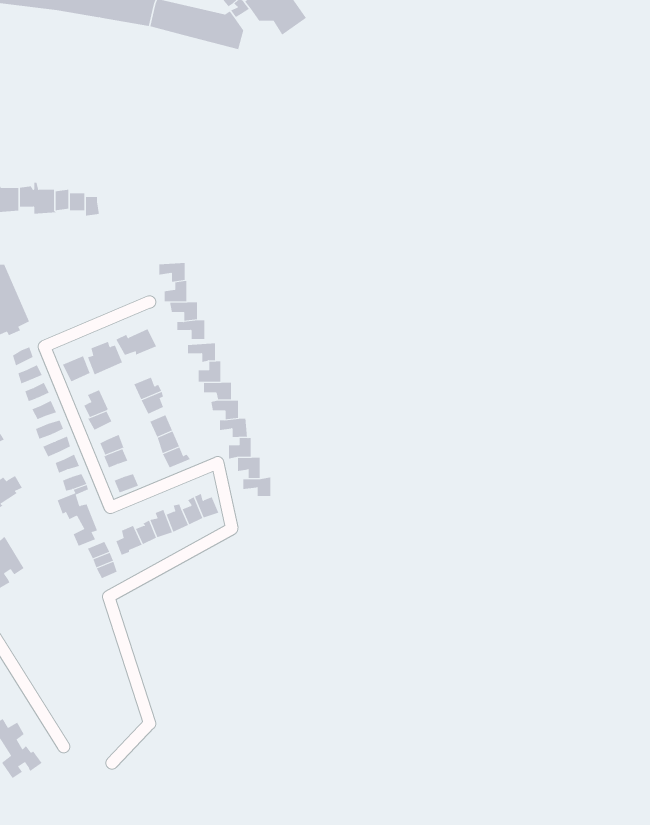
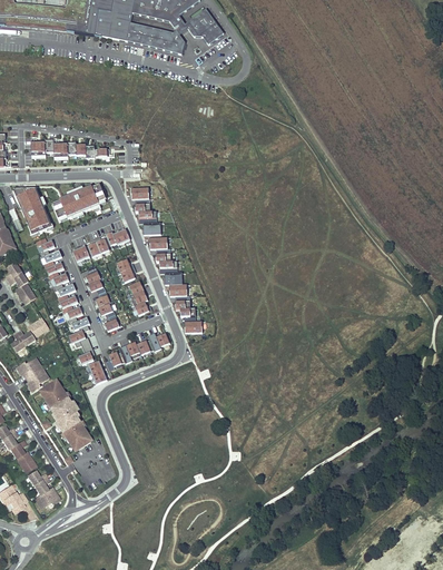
building: none -> [52,181,105,217]
building: none -> [40,379,89,449]

